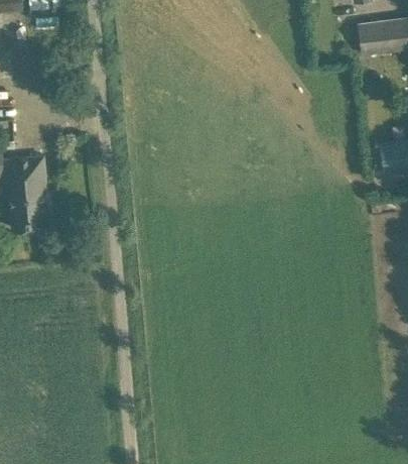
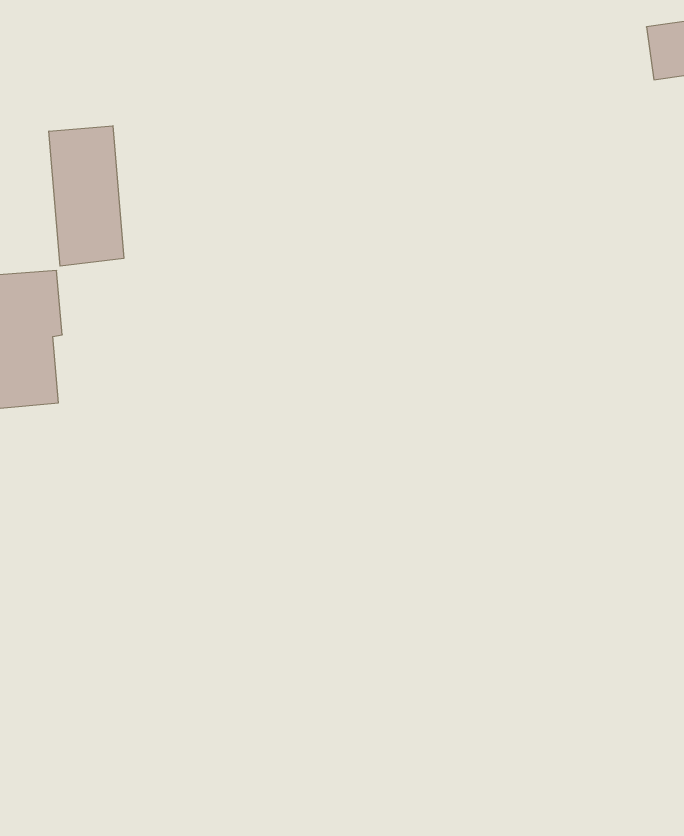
building: none -> [49,126,124,266]

